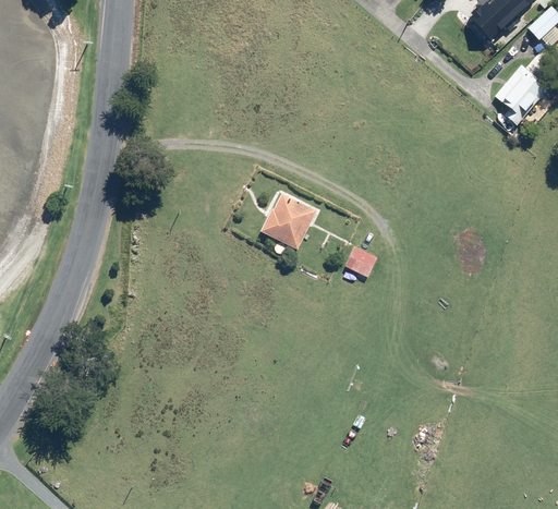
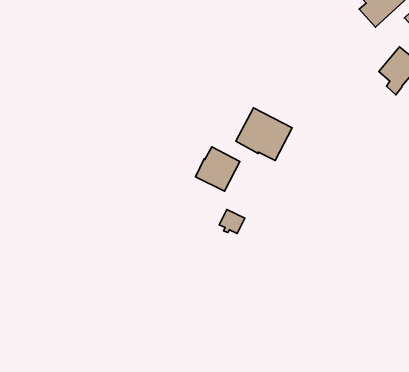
building: none -> [236,108,292,160]
building: [344,245,377,276] -> [219,209,245,233]

